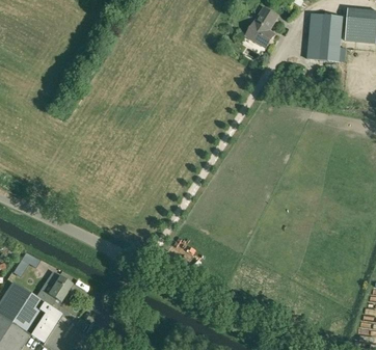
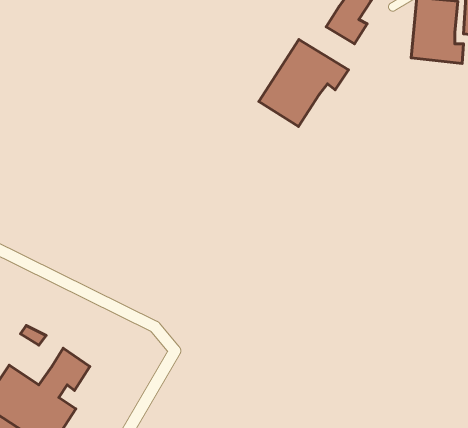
building: none -> [259,39,348,126]

